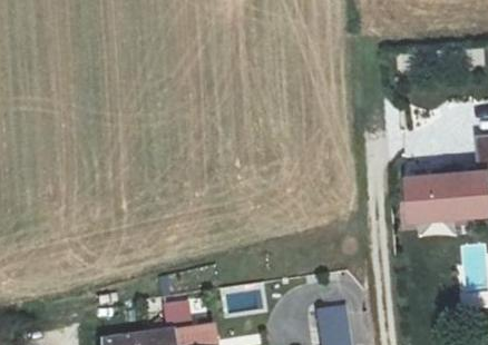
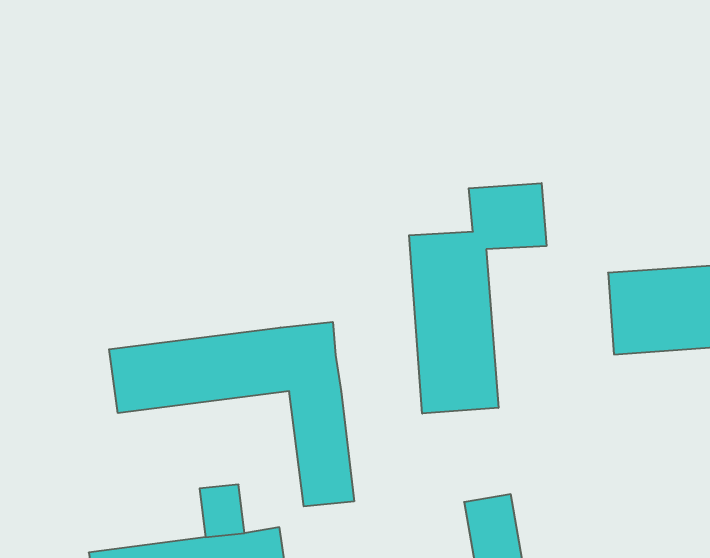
building: none -> [409,183,546,414]
building: none -> [109,322,354,506]

